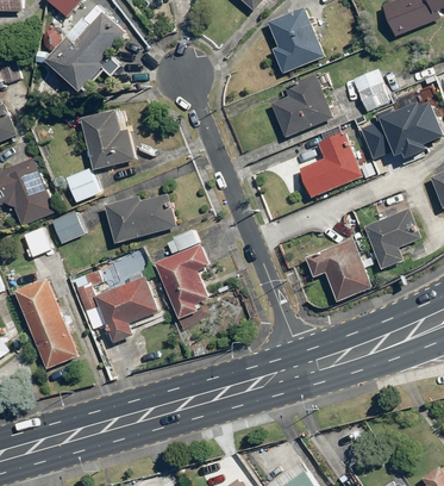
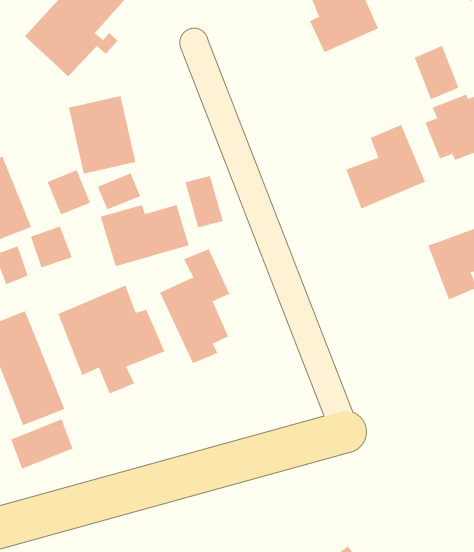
building: [265,74,331,138] -> none
building: none -> [97,173,141,210]
building: none -> [185,175,224,228]
building: [306,237,371,299] -> none
building: none -> [11,418,73,469]

